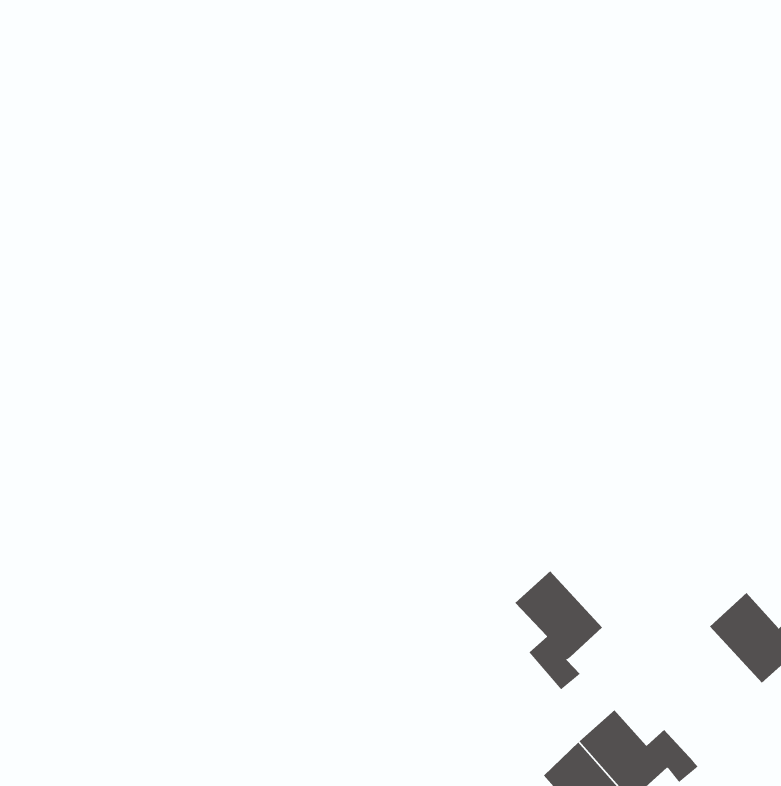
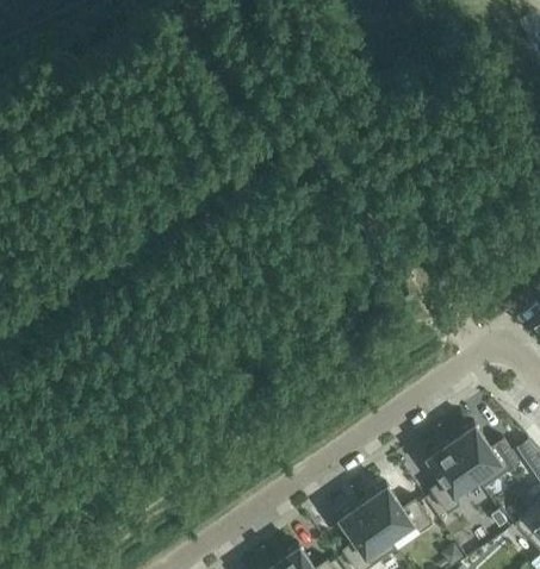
building: [515,571,603,690] -> [426,443,477,515]

